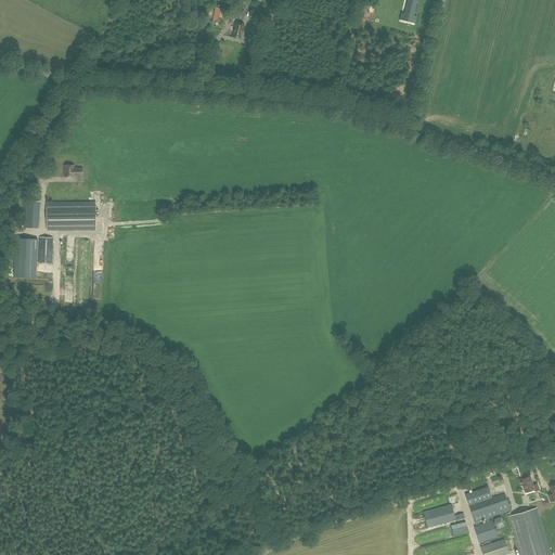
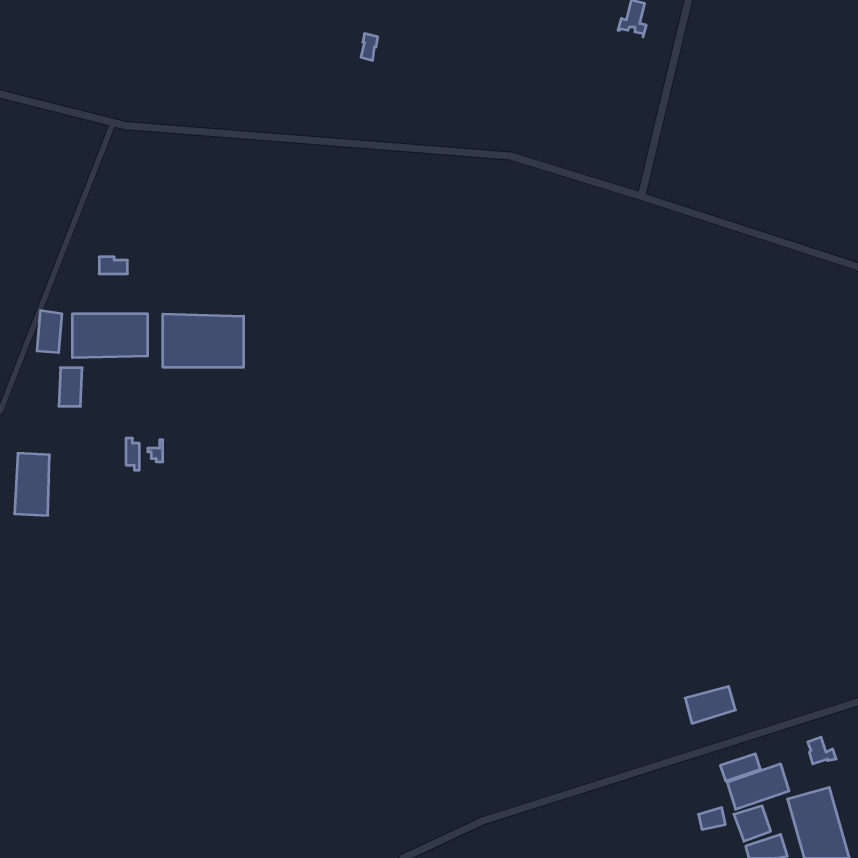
building: none -> [163,314,244,367]
building: [14,238,37,279] -> [14,453,50,515]
building: [423,504,455,528] -> [685,686,736,723]

